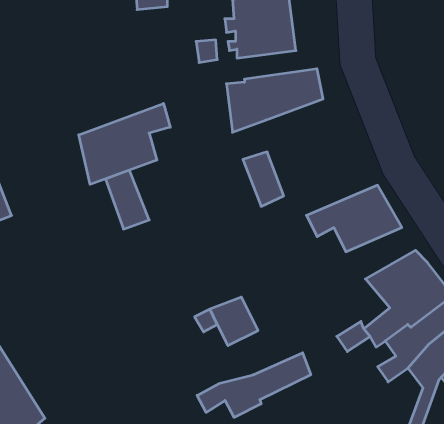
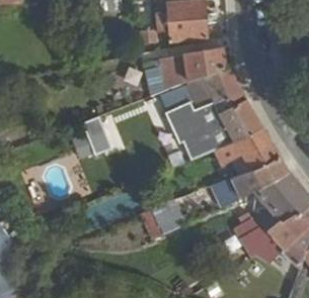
building: none -> [186,67,261,147]
building: [79,103,170,184] -> none
building: none -> [228,156,287,198]
building: [197,353,311,417] -> none

